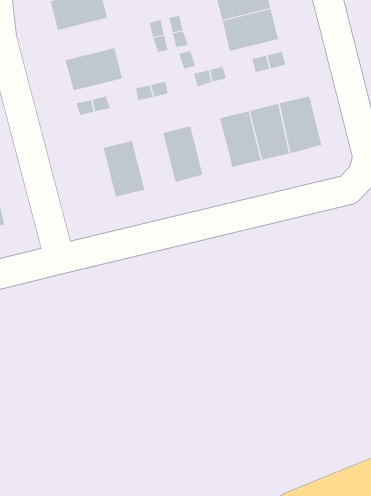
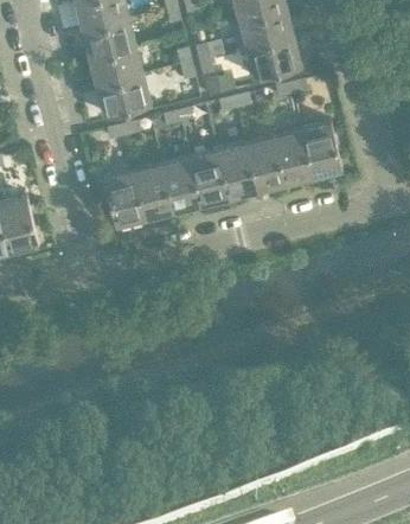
building: none -> [88,46,143,87]
building: none -> [216,142,255,197]
building: none -> [160,156,200,211]
building: none -> [103,171,143,225]

